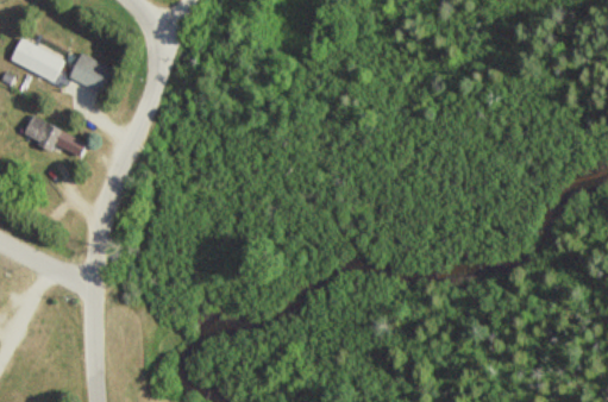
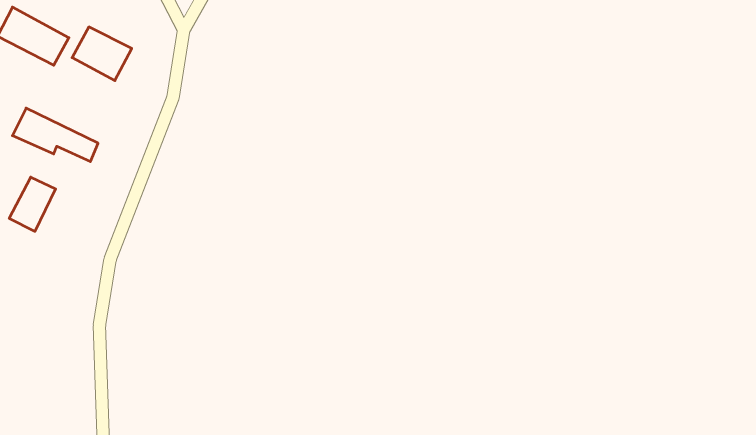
building: none -> [9,177,56,231]

